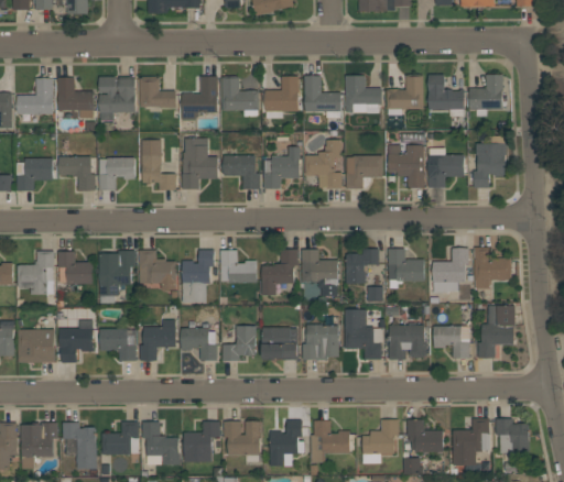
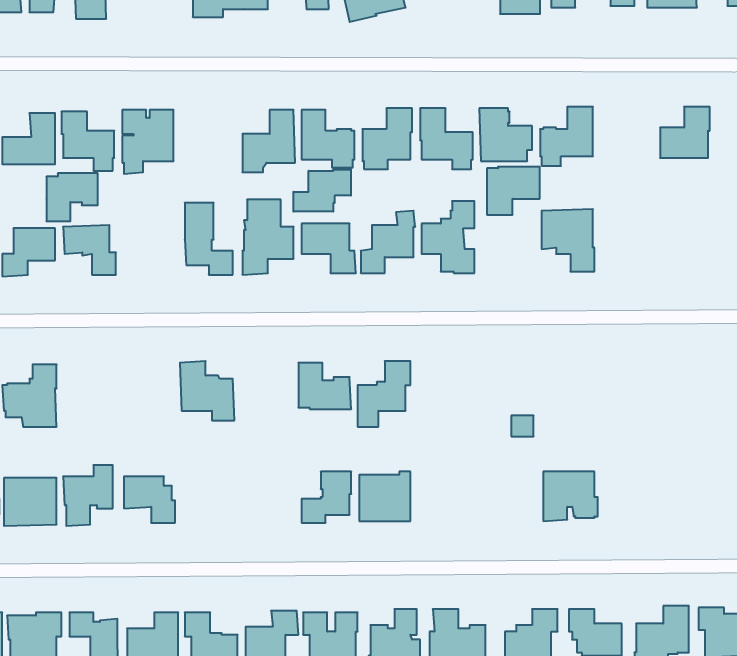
building: [429,75,464,117] -> none
building: [140,77,176,112] -> none
building: none -> [293,169,351,212]
building: [473,134,506,188] -> none
building: [427,149,464,187] -> none
building: [346,156,382,189] -> [487,167,540,215]
building: [99,157,134,190] -> [46,173,98,221]
building: [474,248,511,288] -> none
building: [346,249,379,283] -> none
building: [433,249,469,293] -> none
building: [182,250,214,303] -> none
building: [301,250,337,296] -> none
building: [388,250,424,288] -> none
building: [99,251,135,304] -> none
building: [58,252,94,285] -> none
building: [478,306,516,358] -> none
building: [345,310,382,360] -> none
building: [140,320,175,361] -> none
building: [302,325,338,360] -> none
building: [433,326,469,359] -> none
building: [181,329,217,361] -> none

